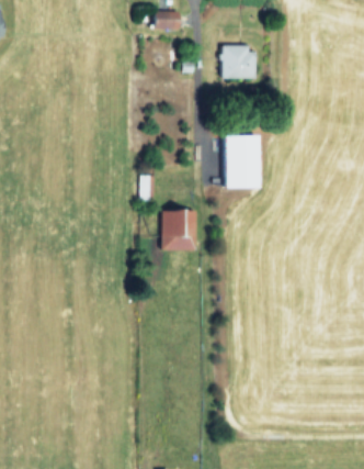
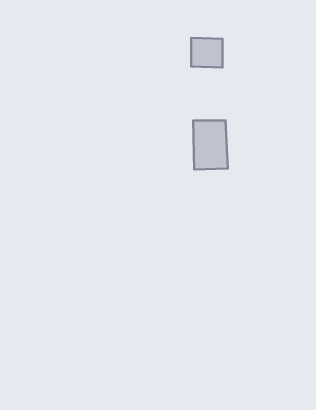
building: [157,10,180,29] -> none
building: [161,210,196,250] -> none

